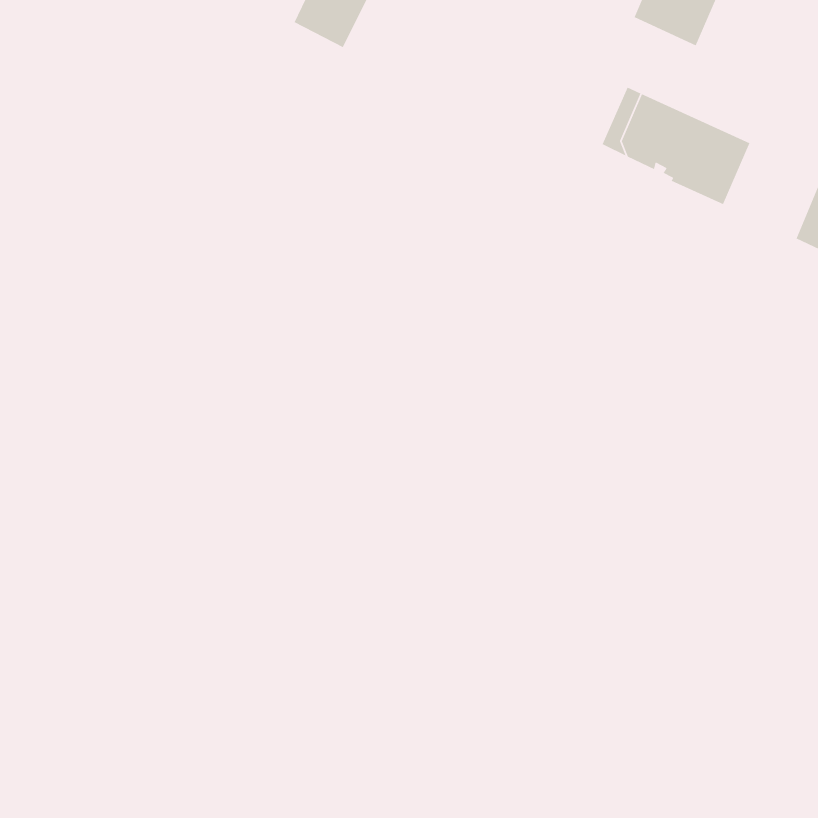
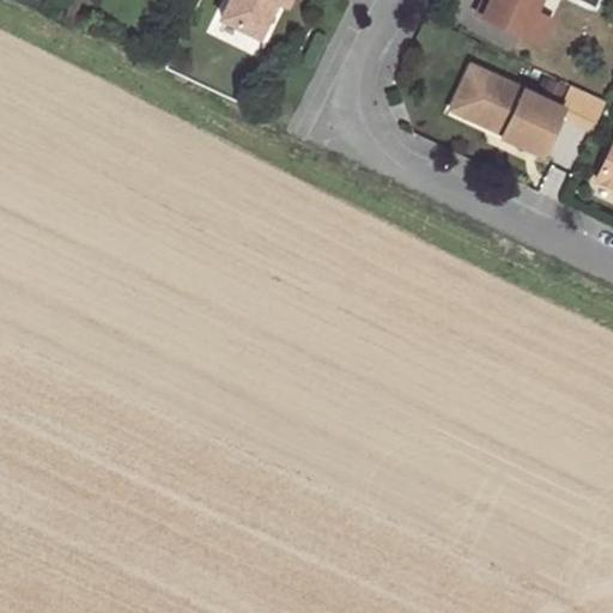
building: none -> [546,93,600,168]

